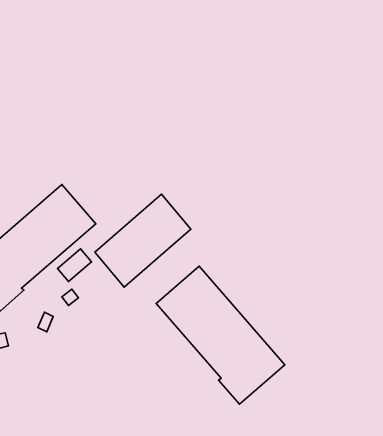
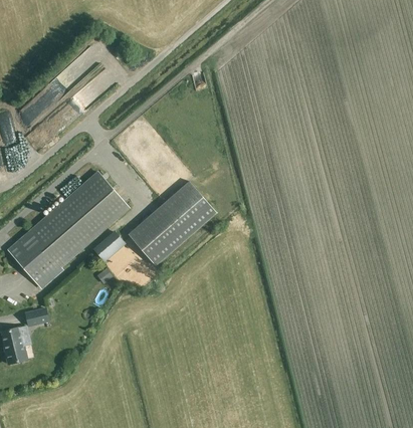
building: [156,266,285,404] -> none

